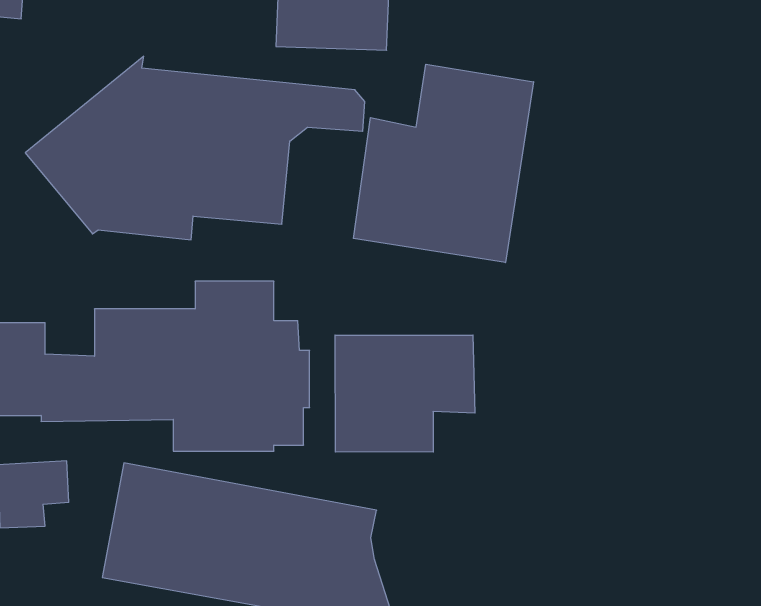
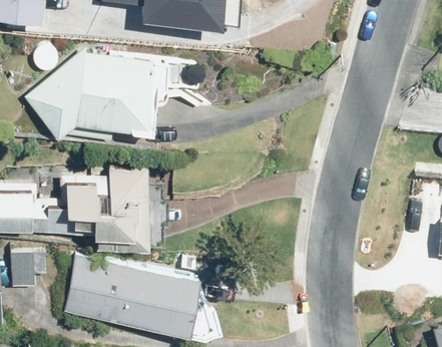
building: [353,64,534,263] -> none
building: [335,335,475,452] -> none

